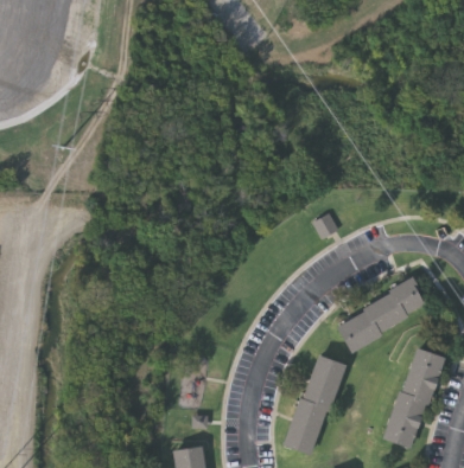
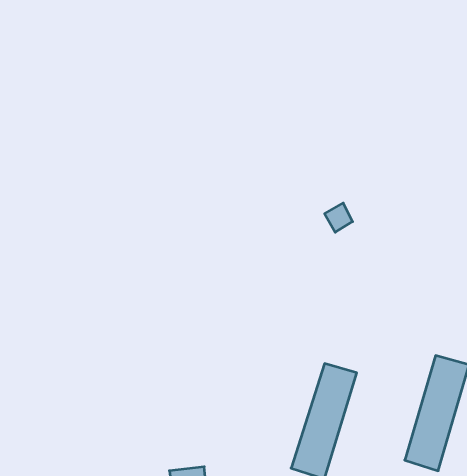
building: [333,277,428,352] -> none

